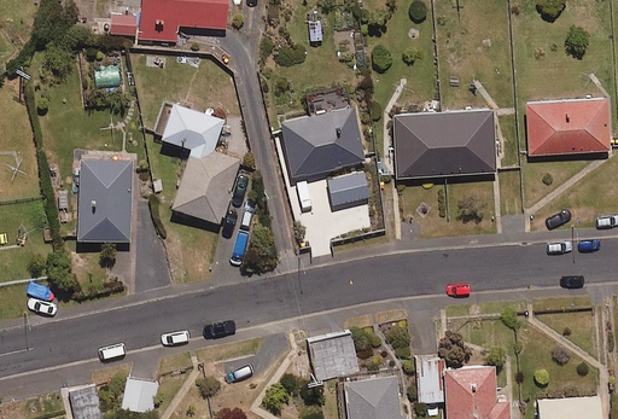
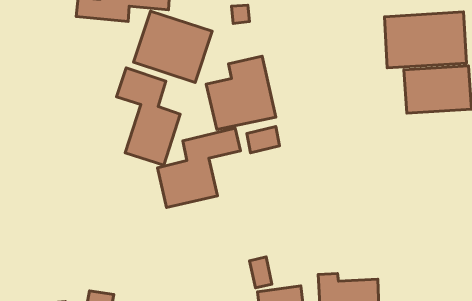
building: none -> [133,11,212,82]
building: [391,109,494,179] -> [384,12,466,68]
building: [80,157,135,240] -> none
building: none -> [158,128,241,208]

